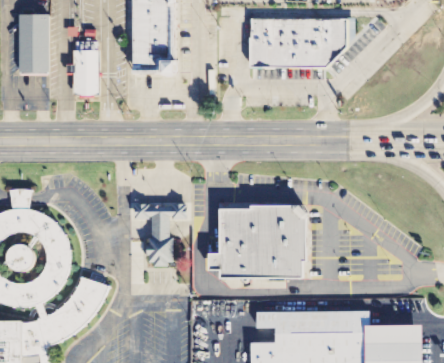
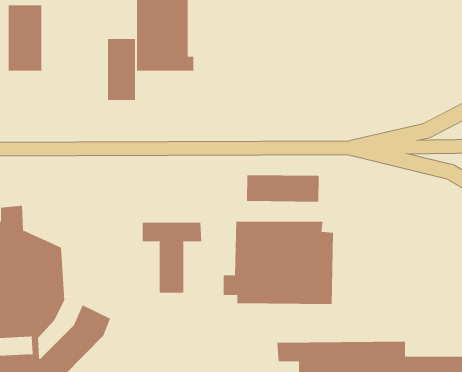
building: [247,17,344,66] -> none
building: [73,42,98,96] -> [107,39,136,100]
building: none -> [246,174,319,202]

